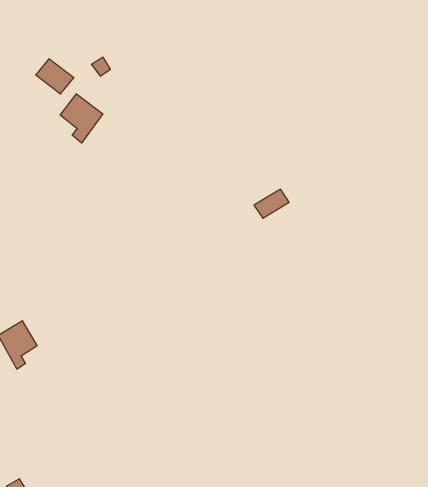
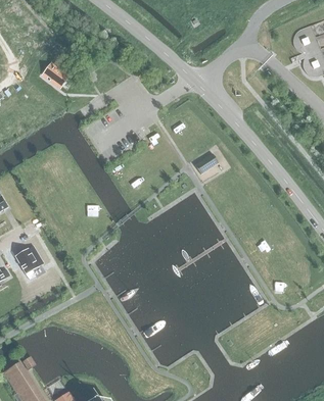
building: [60,94,103,143] -> none

